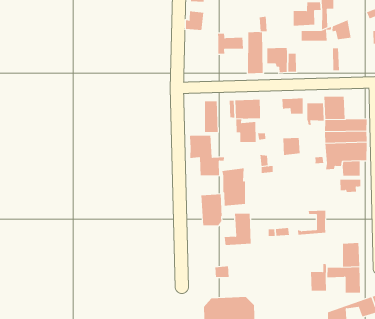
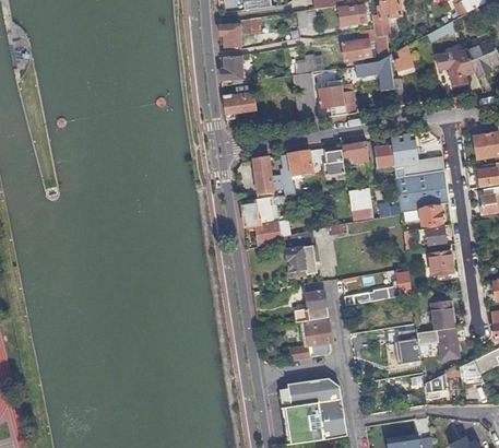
building: [217,33,244,54] -> [223,93,256,118]
building: [236,119,257,143] -> [318,148,345,175]
building: [200,194,223,226] -> [304,316,332,355]
building: none -> [429,250,452,274]

